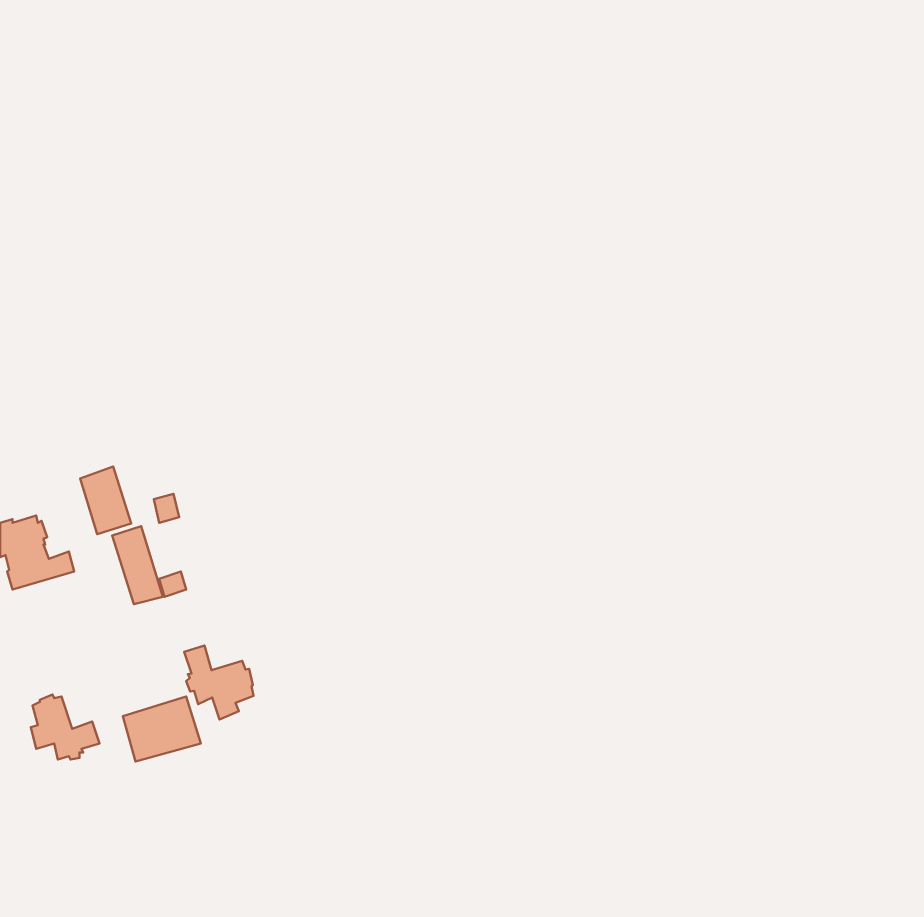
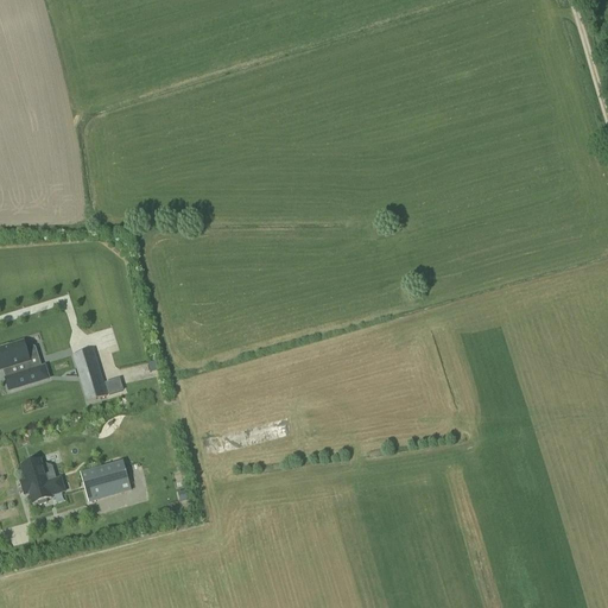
building: [80,467,131,534] -> none
building: [184,646,253,719] -> none

